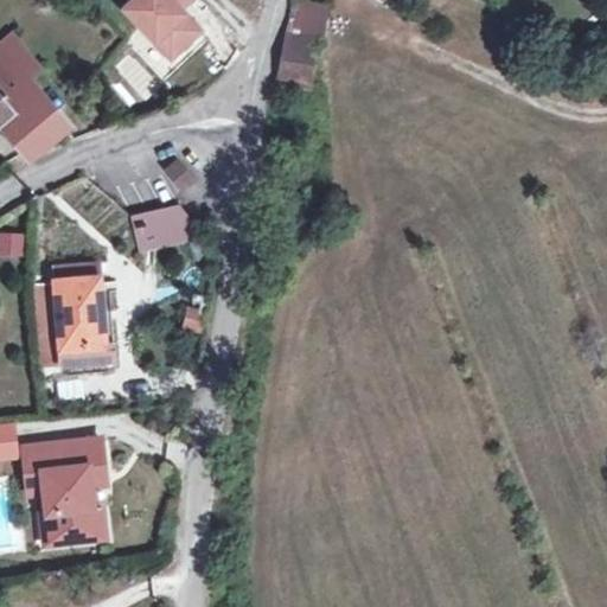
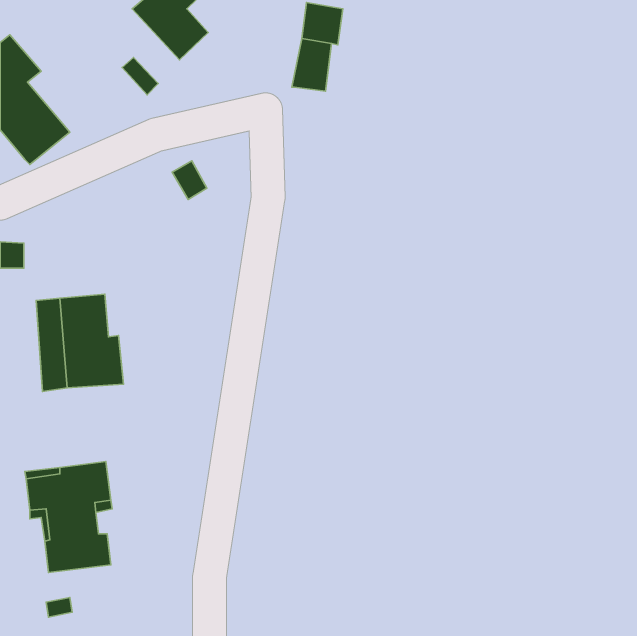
building: [130,204,200,253] -> none

